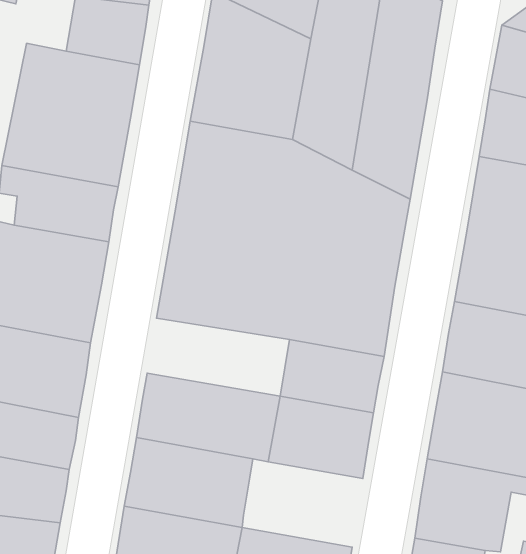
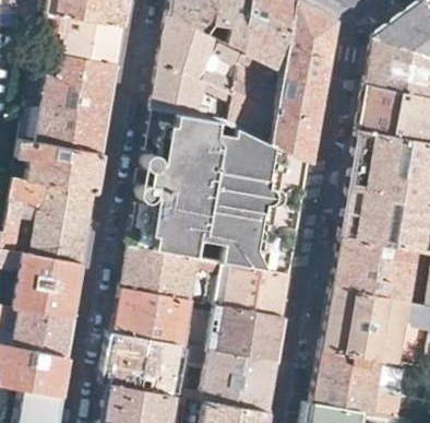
building: none -> [124,246,226,302]
building: none -> [192,346,278,410]

